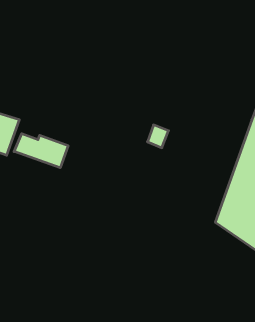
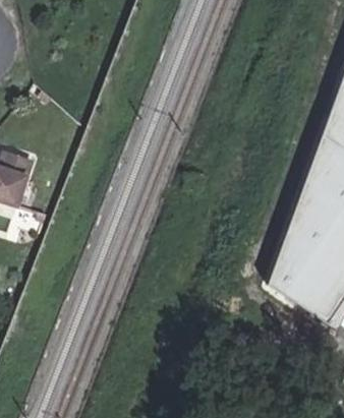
building: [14,134,68,168] -> none

